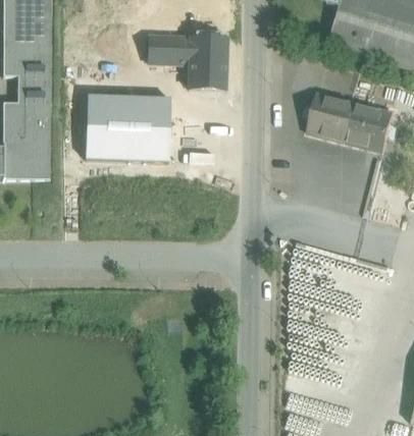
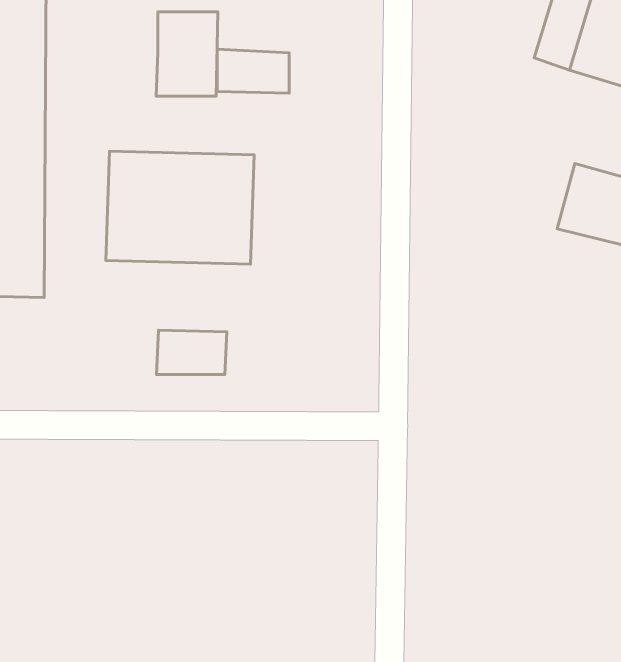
building: [189,38,224,87] -> [156,12,218,96]
building: [307,92,355,140] -> none
building: none -> [156,330,227,375]

